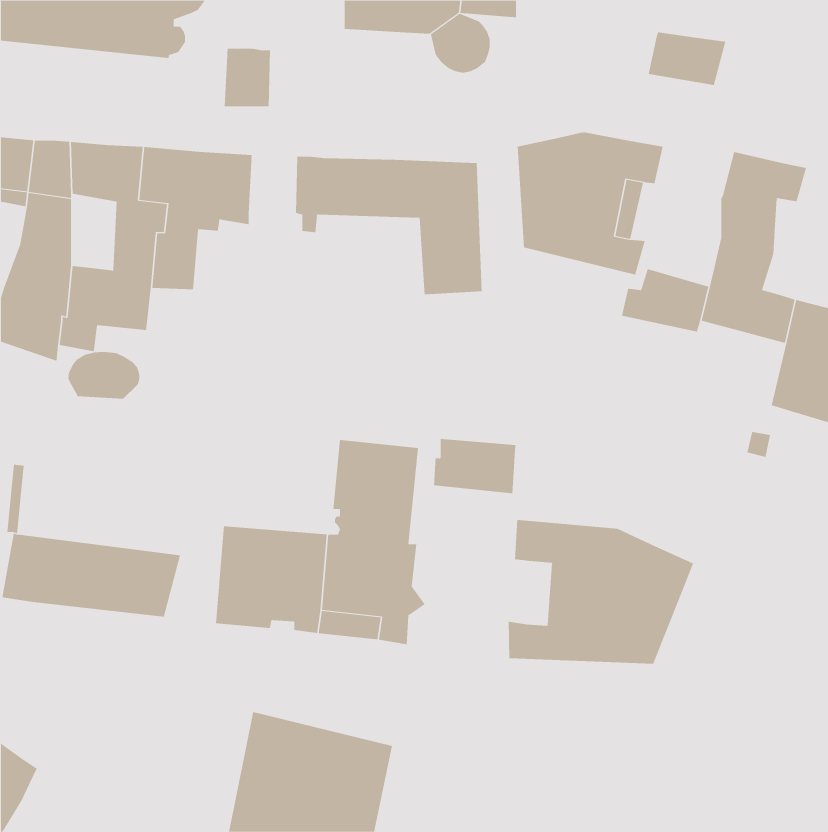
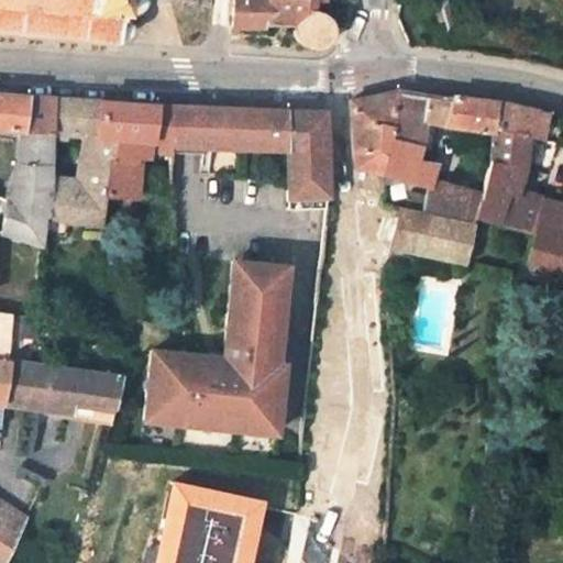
building: [648,32,726,86] -> [445,96,498,132]
building: [224,48,271,107] -> [172,104,203,144]
building: none -> [390,208,474,262]
building: [68,351,140,399] -> none
building: [433,438,516,494] -> [232,265,288,302]
building: [508,519,694,664] -> none

